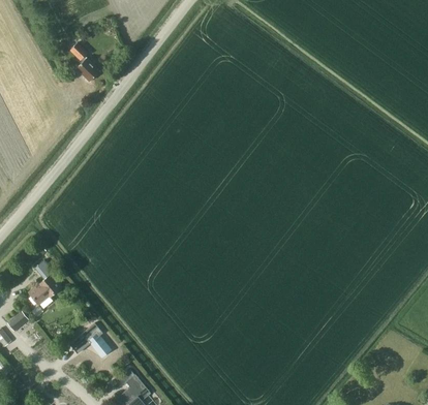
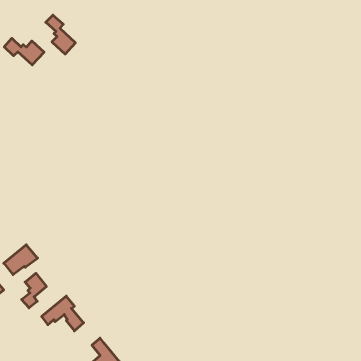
building: none -> [4,38,44,65]
building: none -> [22,273,46,308]

